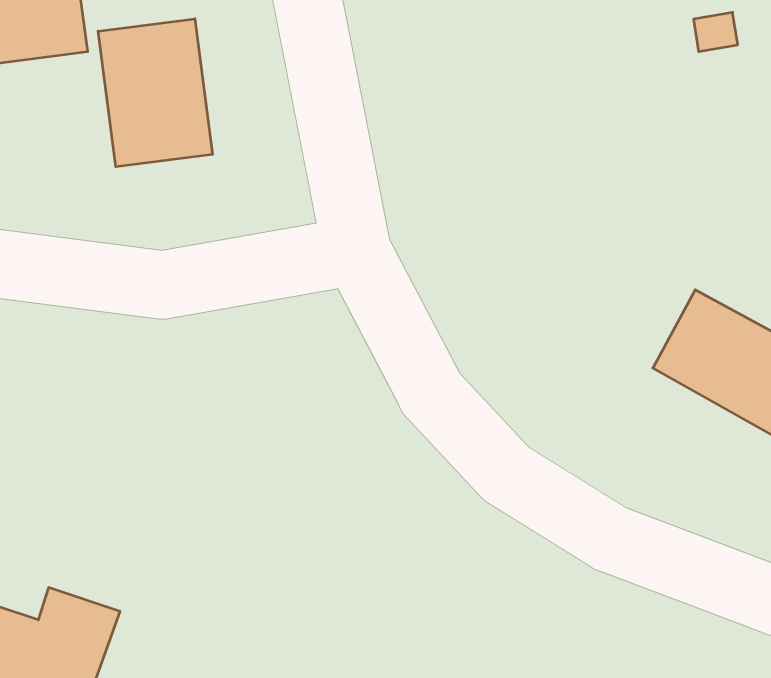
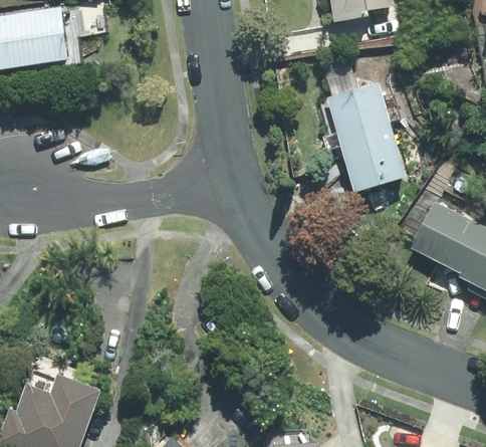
building: [98,19,213,167] -> none
building: none -> [324,83,401,191]

